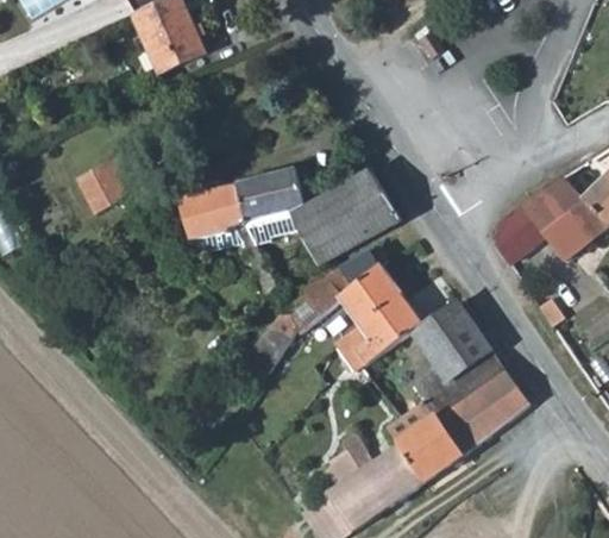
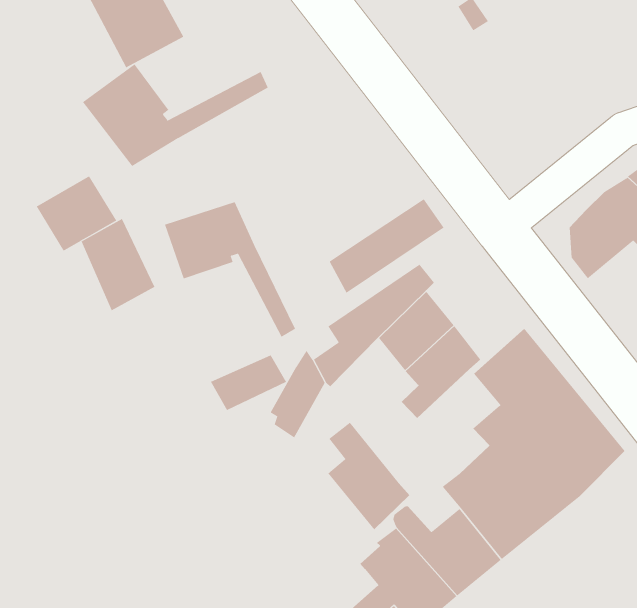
building: none -> [82,64,268,167]
building: [234,165,384,237] -> none
building: none -> [81,218,155,311]
building: none -> [210,354,287,411]
building: none -> [327,422,410,530]

